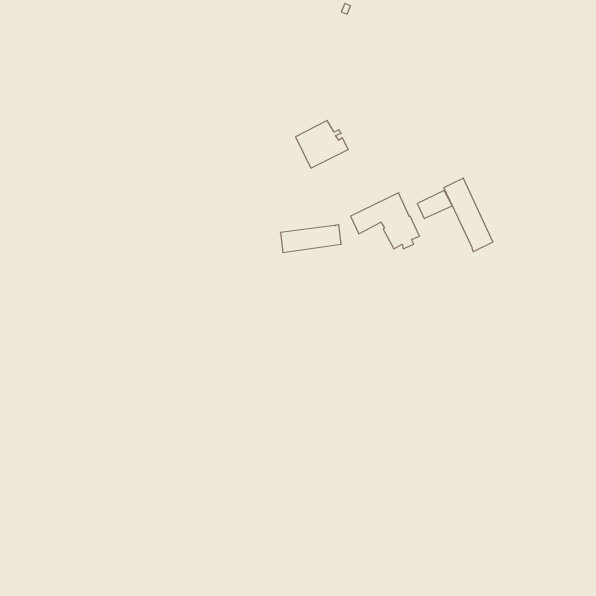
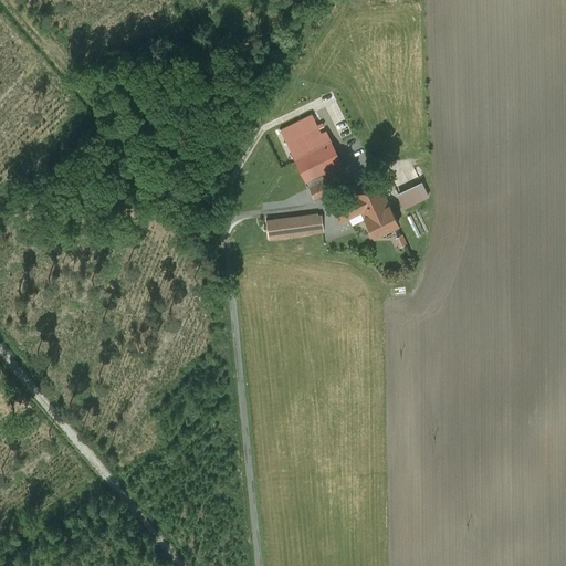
building: none -> [294,143,340,180]
building: [444,178,493,252] -> none

